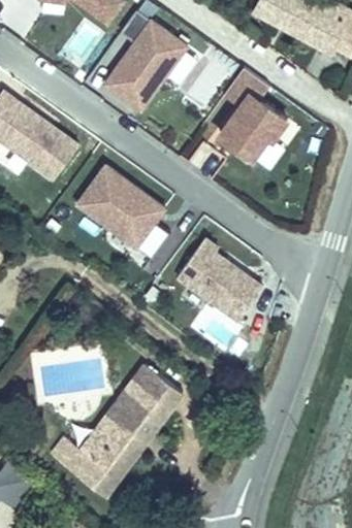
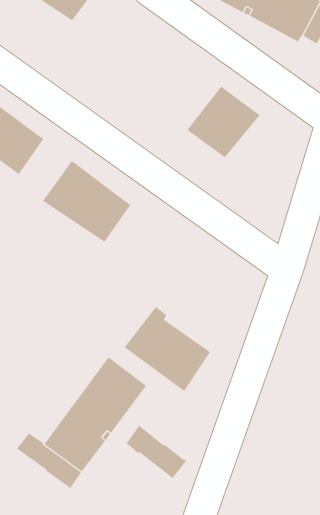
building: [102,20,190,112] -> none
building: [175,239,261,324] -> [124,306,211,392]
building: none -> [126,425,187,479]

